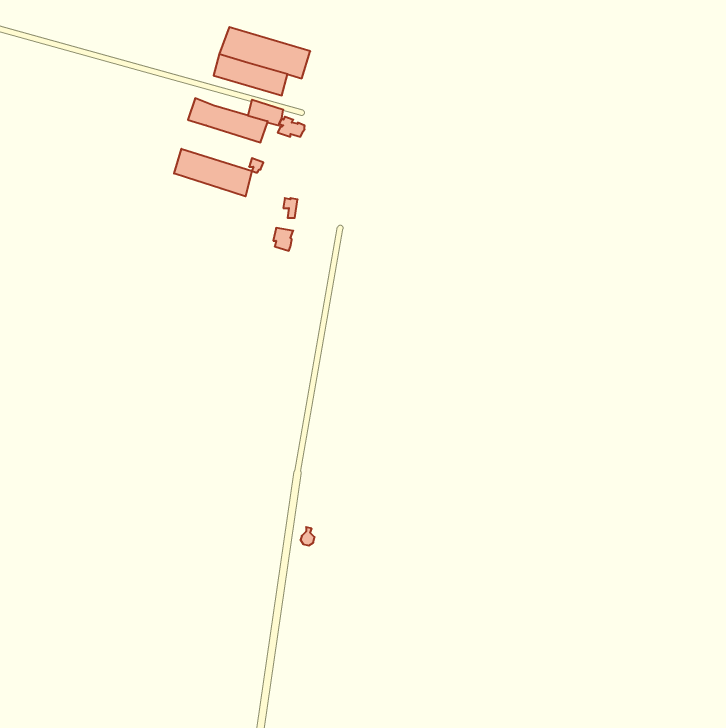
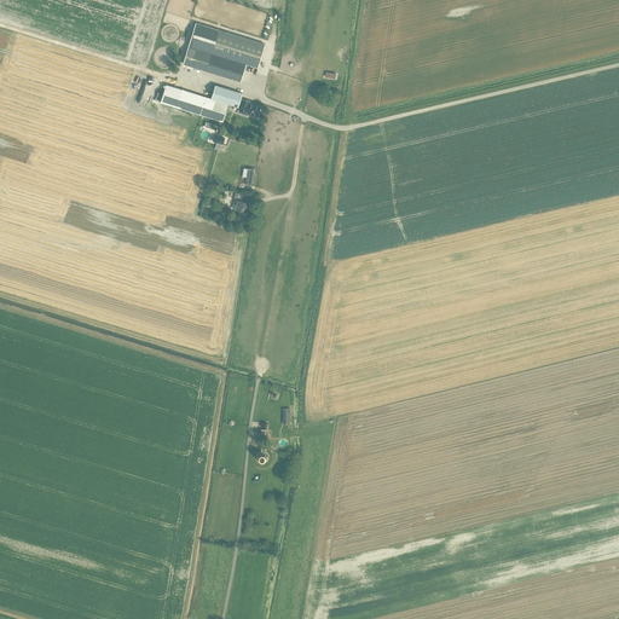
building: [174,149,252,196] -> none

